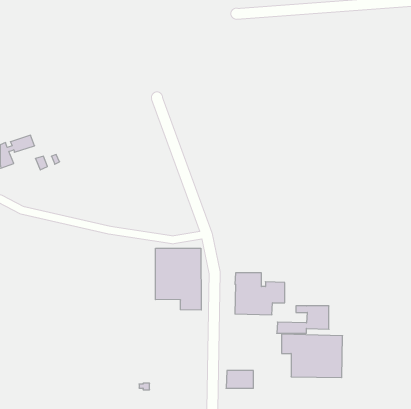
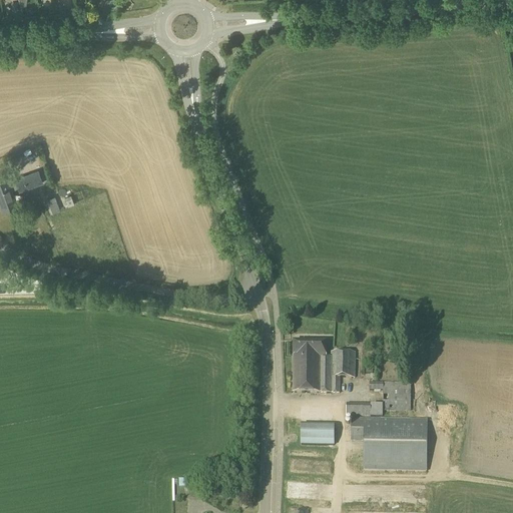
building: [155,248,201,310] -> none
building: [226,371,253,388] -> [300,422,334,444]

